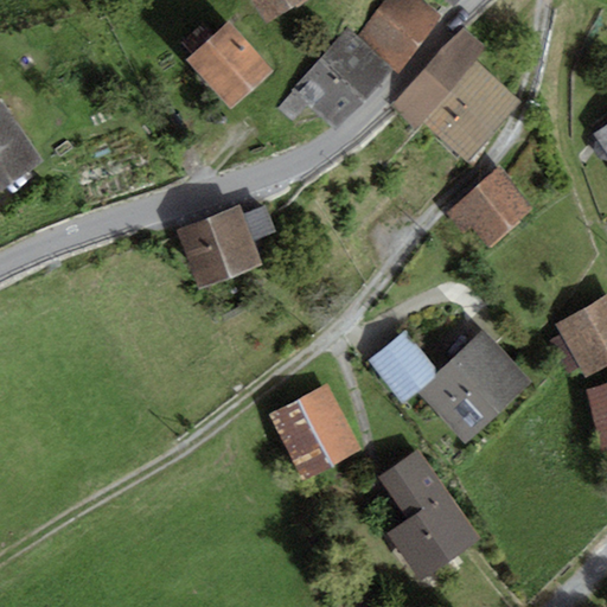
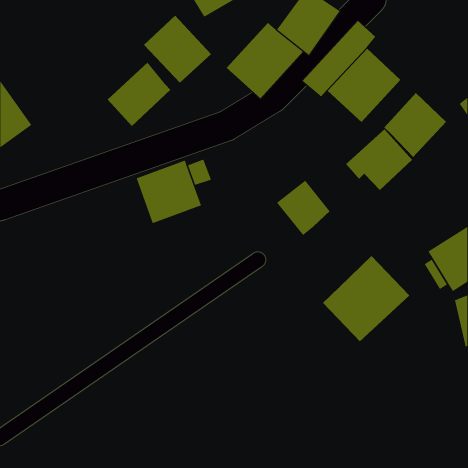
building: none -> [107,62,171,127]
building: none -> [383,92,447,158]
building: [368,331,437,403] -> [276,180,330,236]
building: [267,383,362,481] -> none
building: [378,449,479,579] -> none

